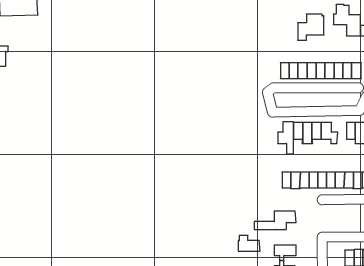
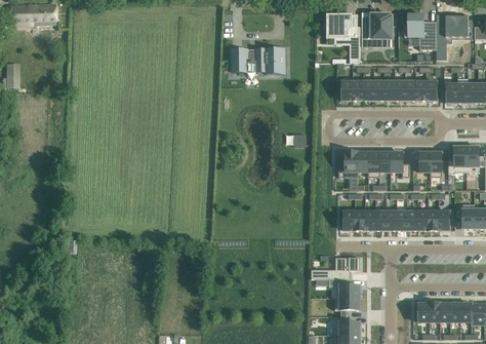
building: none -> [326,13,359,62]
building: none -> [231,48,283,73]
building: [238,235,260,251] -> [334,278,360,297]

